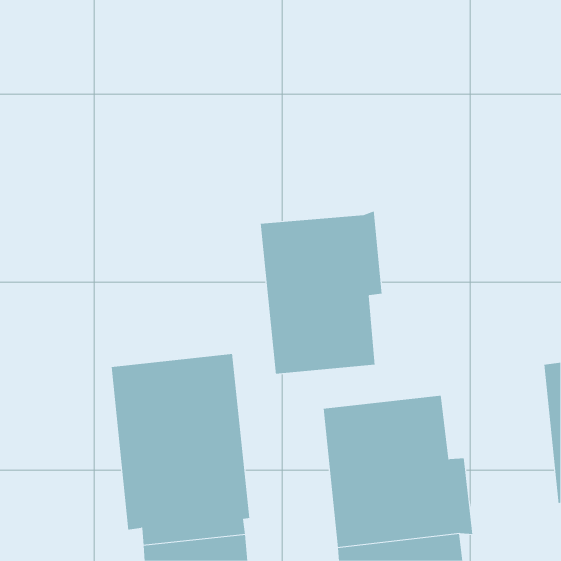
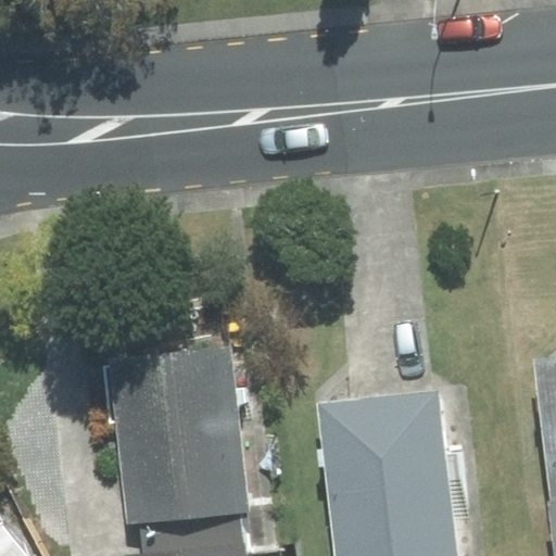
building: [260,211,382,374] -> none

